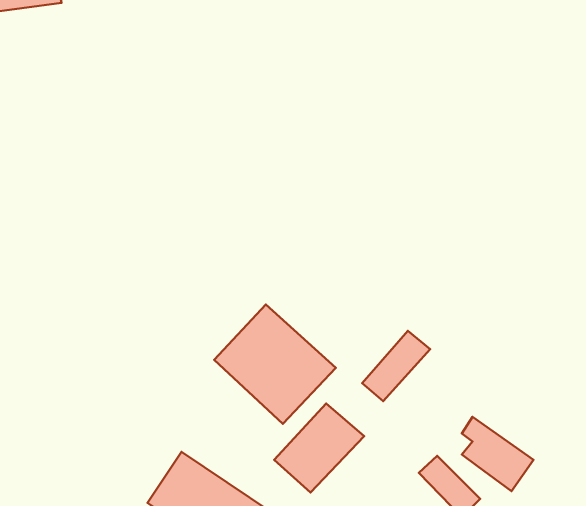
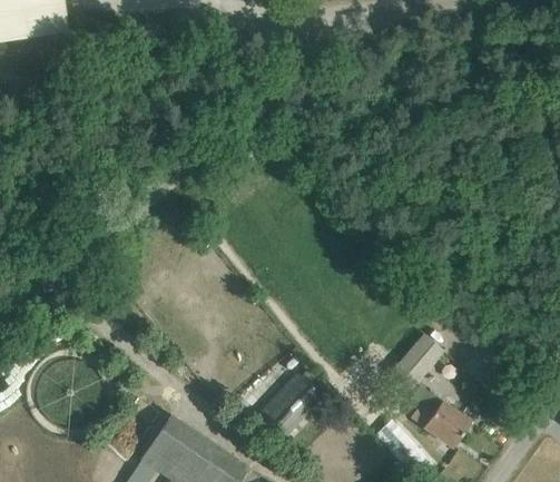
building: [214,305,336,424] -> none
building: [362,331,430,401] -> [384,335,442,395]

